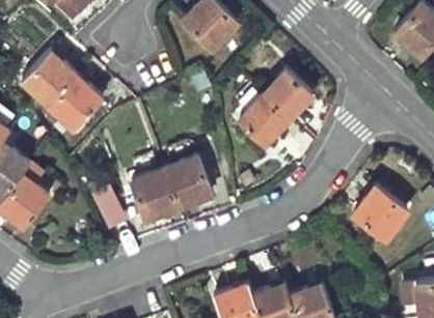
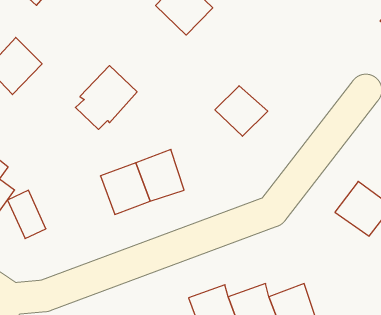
building: [262,70,313,120] -> none
building: [44,76,102,136] -> [75,66,137,129]
building: [92,185,129,231] -> [7,190,46,239]

